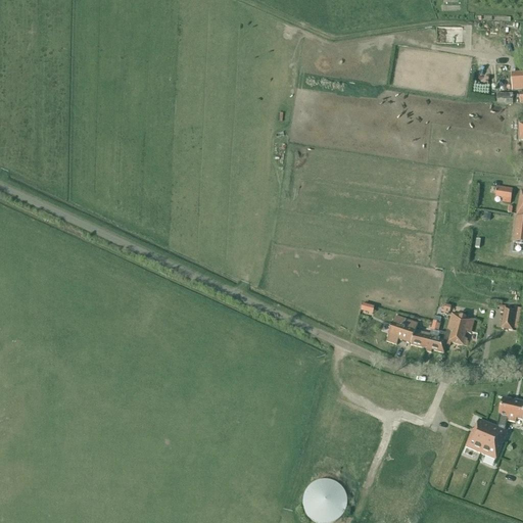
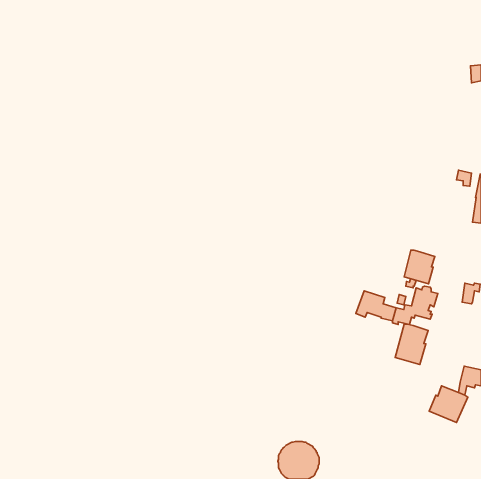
building: none -> [404,250,435,284]
building: none -> [395,324,428,364]

